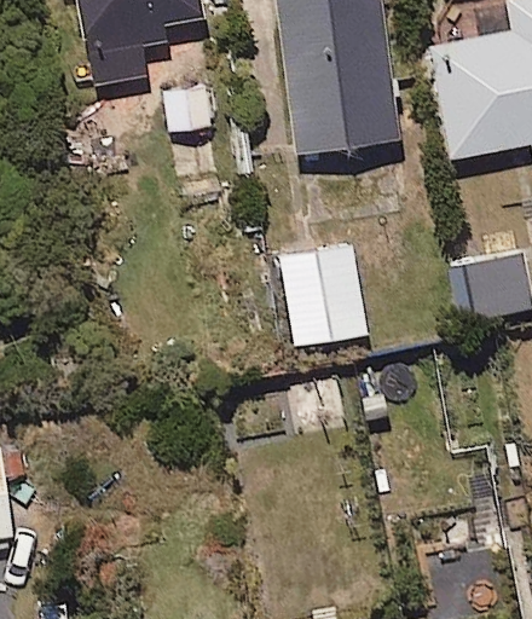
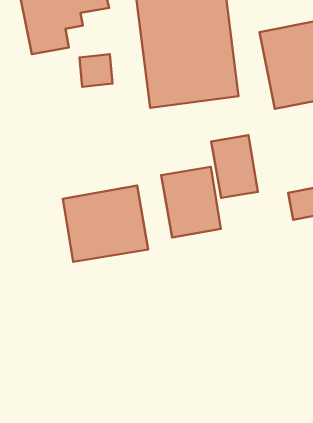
building: none -> [211,135,258,198]
building: none -> [63,186,148,262]

